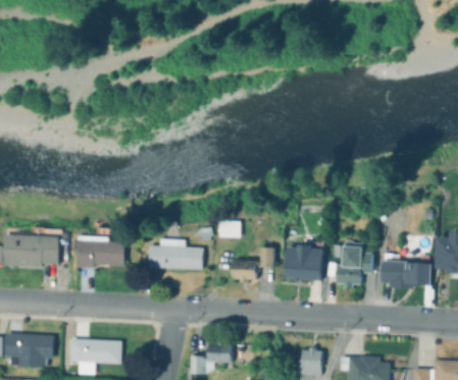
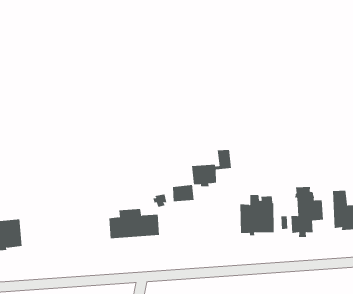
building: [77,228,126,268] -> none
building: [232,247,273,283] -> [191,150,232,187]

